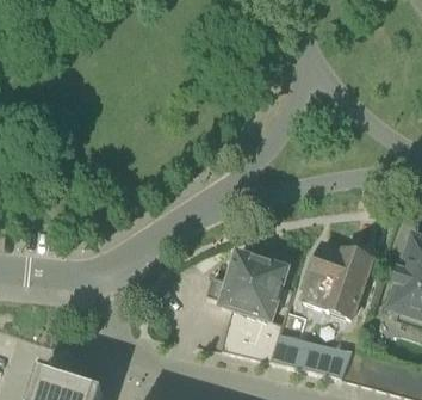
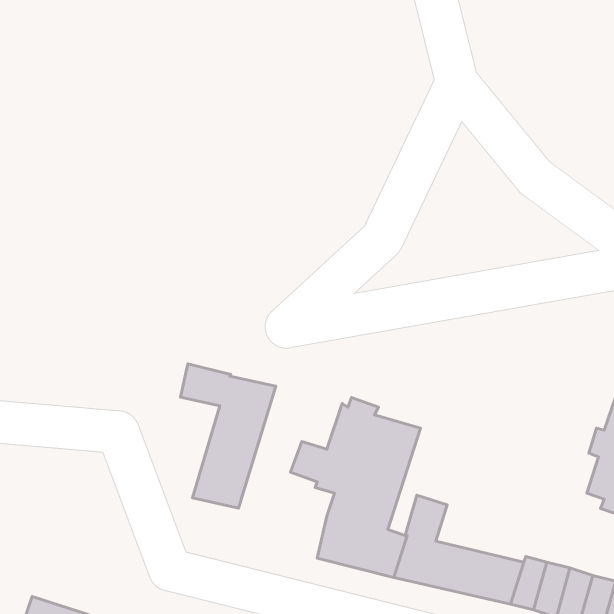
building: none -> [180,364,276,508]
building: [302,244,371,318] -> none

